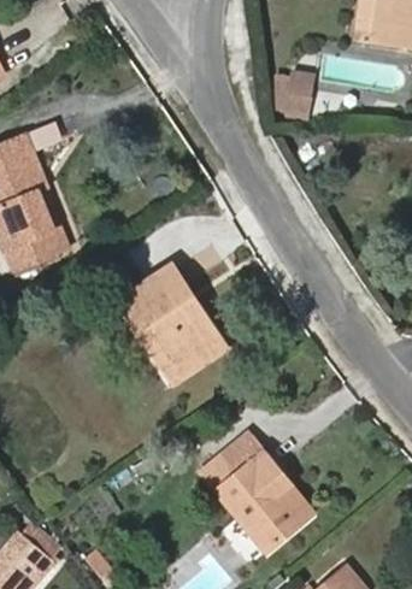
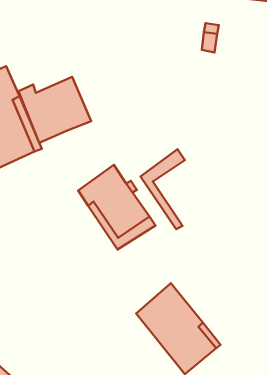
building: none -> [18,77,91,143]
building: none -> [141,149,185,229]

